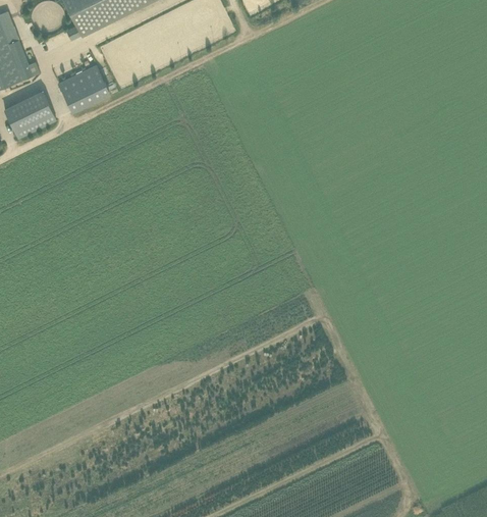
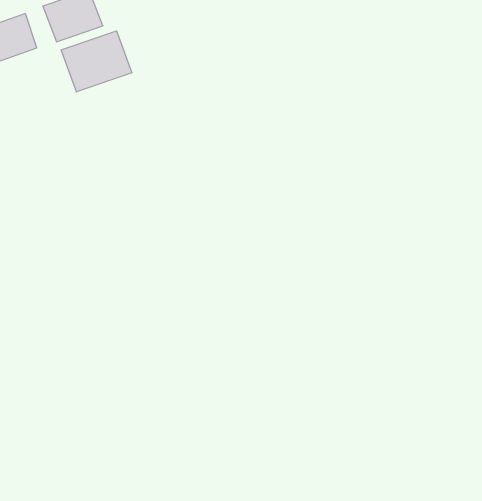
building: none -> [61,31,132,92]

